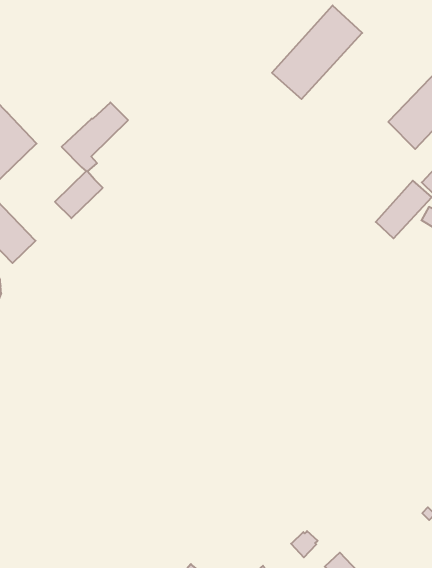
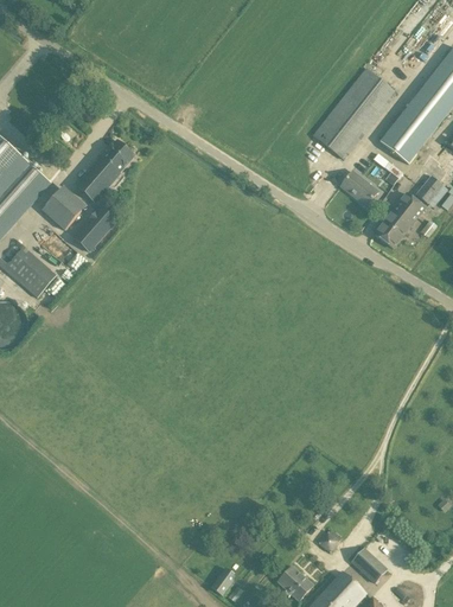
building: [272,5,362,99] -> [314,68,396,158]
building: none -> [42,185,87,230]
building: none -> [342,170,378,205]

